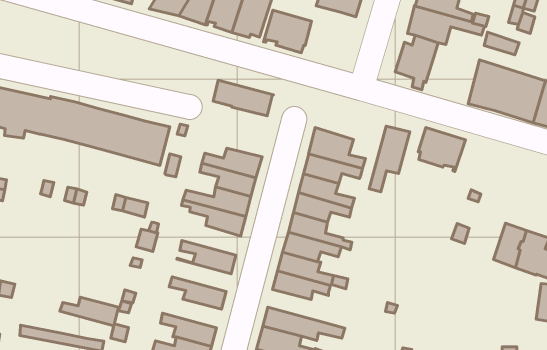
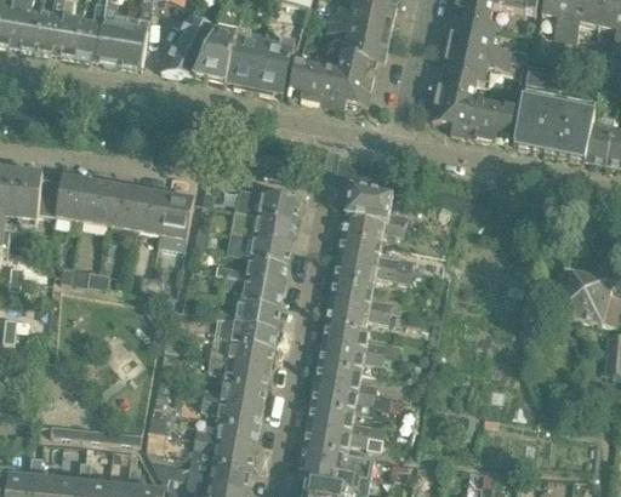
building: none -> [332,52,375,108]
building: [213,80,273,116] -> [237,185,301,219]
building: [369,126,410,192] -> none
building: [418,128,465,172] -> [466,98,515,143]
building: none -> [217,297,280,327]
building: none -> [210,337,273,367]
building: none -> [315,361,376,392]
building: [60,297,119,326] -> [203,379,266,407]

